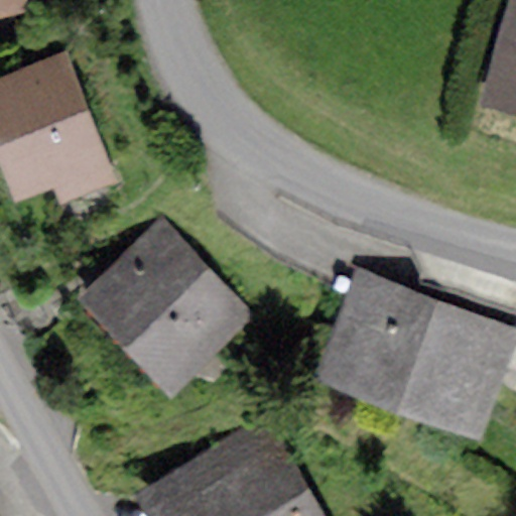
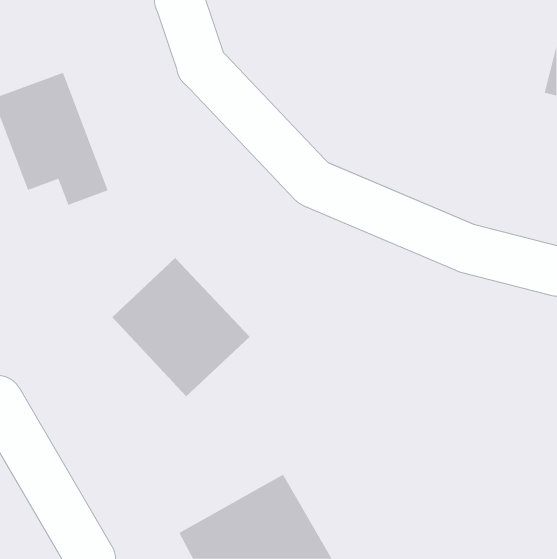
building: [338,284,497,407] -> none

